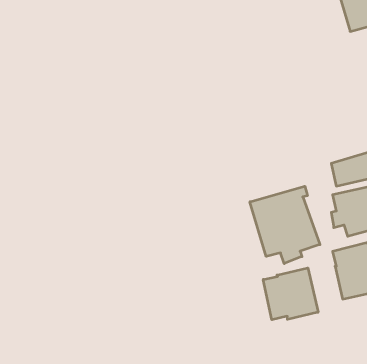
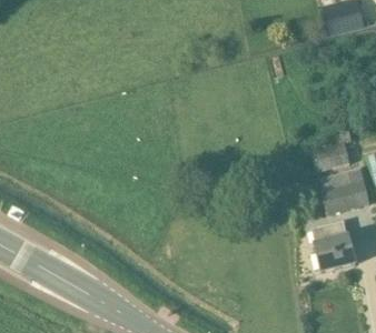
building: [250,186,320,264] -> none
building: [263,268,318,320] -> none

